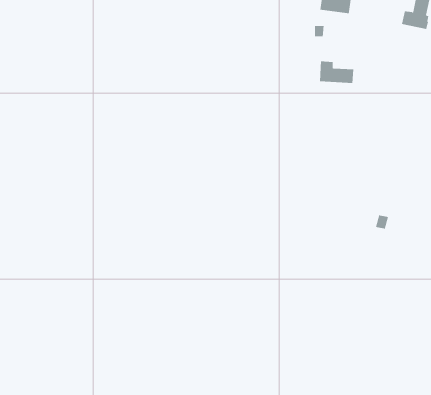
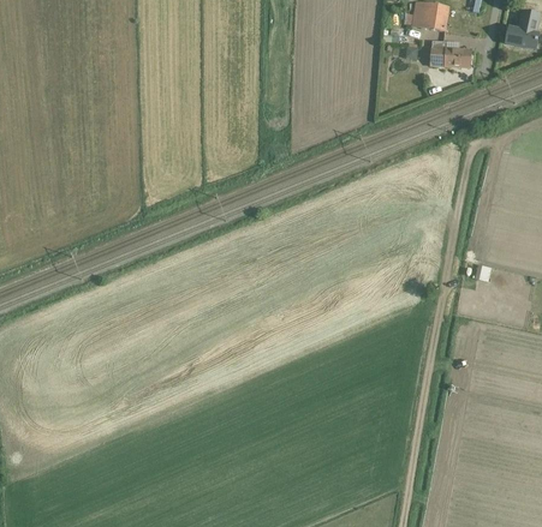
building: [319,61,354,84] -> [429,41,470,67]

